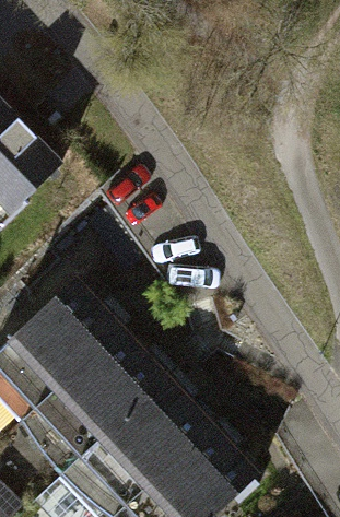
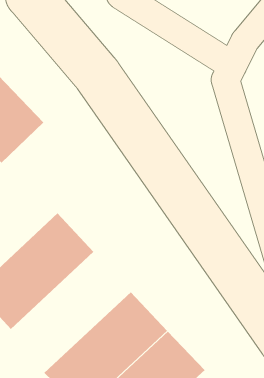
building: [16,325,166,475] -> none

